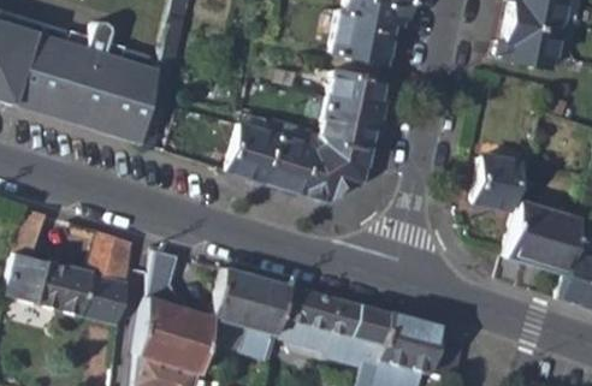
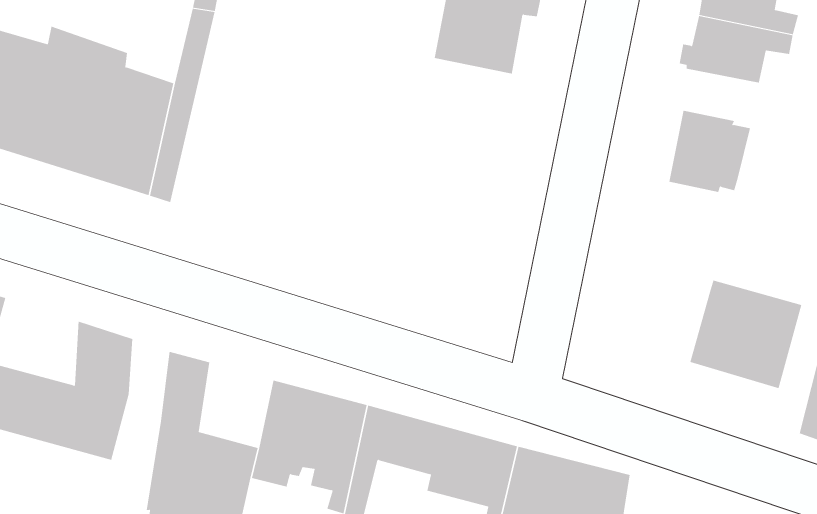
building: [226,71,385,201] -> none
building: [473,155,528,210] -> [669,110,751,192]

